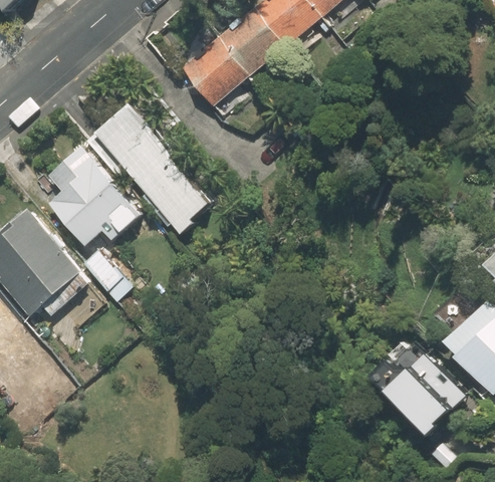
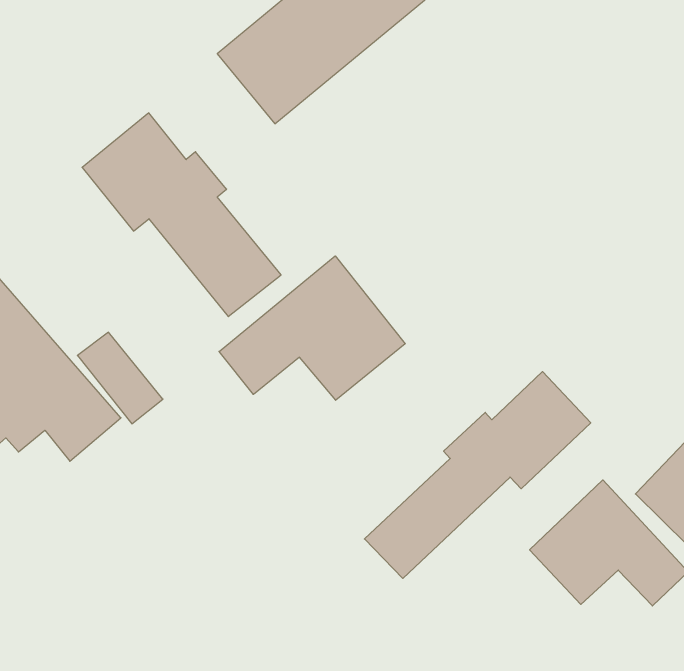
building: [45,146,143,245] -> none
building: none -> [219,256,405,400]
building: none -> [364,372,591,578]

